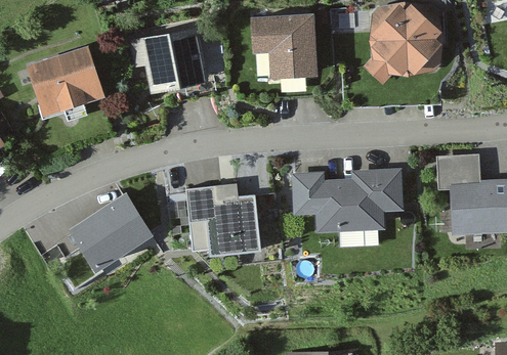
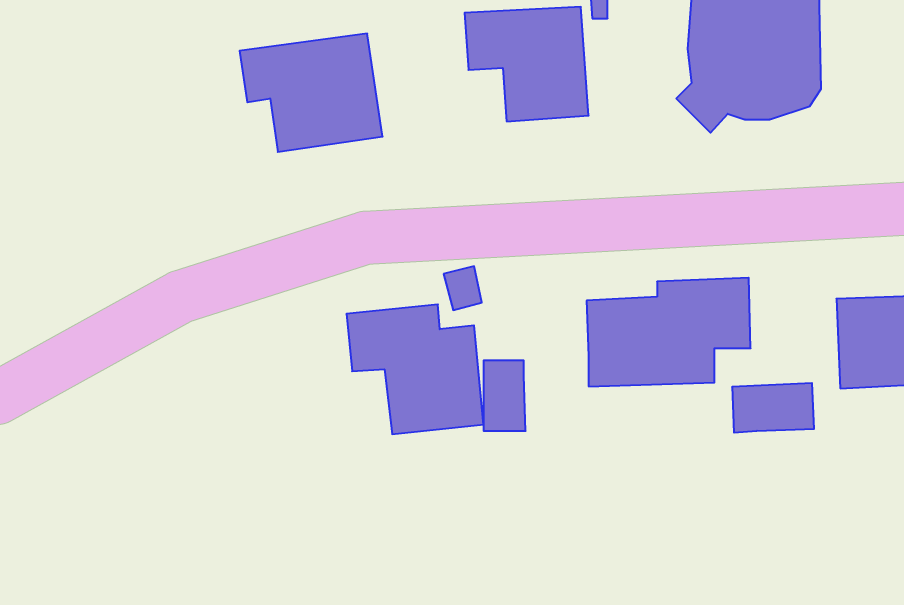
building: [28,55,104,126] -> none
building: [436,154,480,181] -> [732,383,814,433]
building: [294,173,316,211] -> [484,360,526,431]
building: [71,192,150,264] -> none

